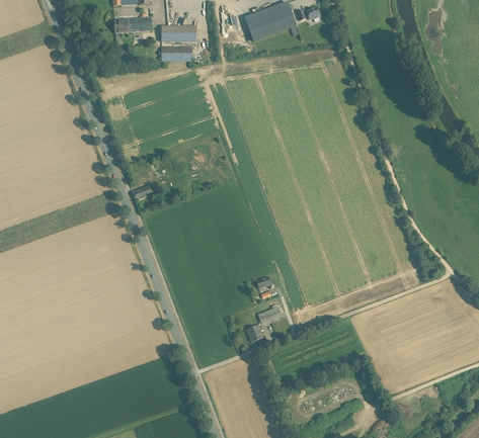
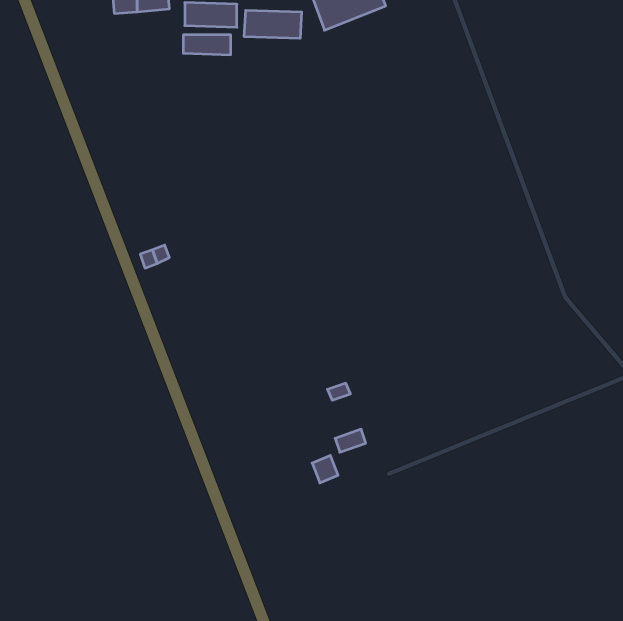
building: none -> [244,10,302,38]

